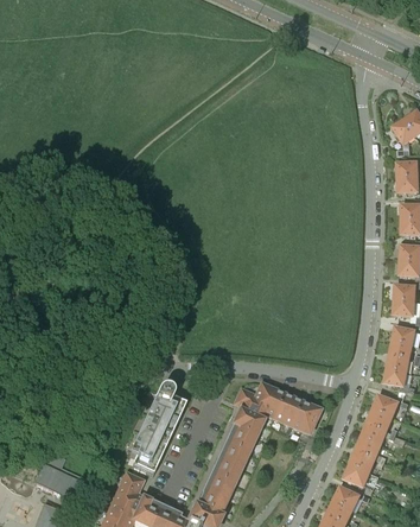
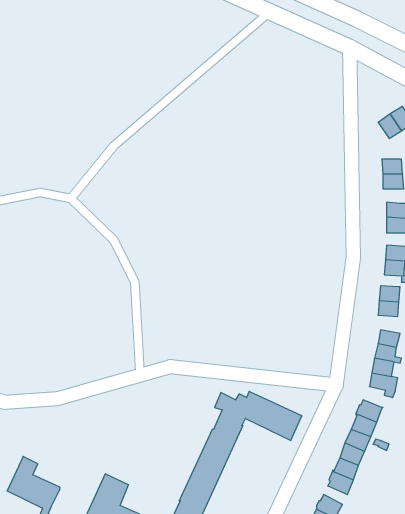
building: [125,383,179,472] -> none

